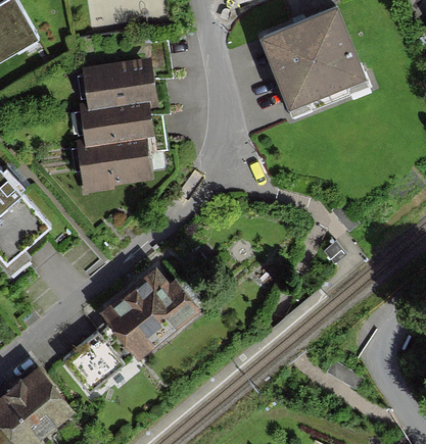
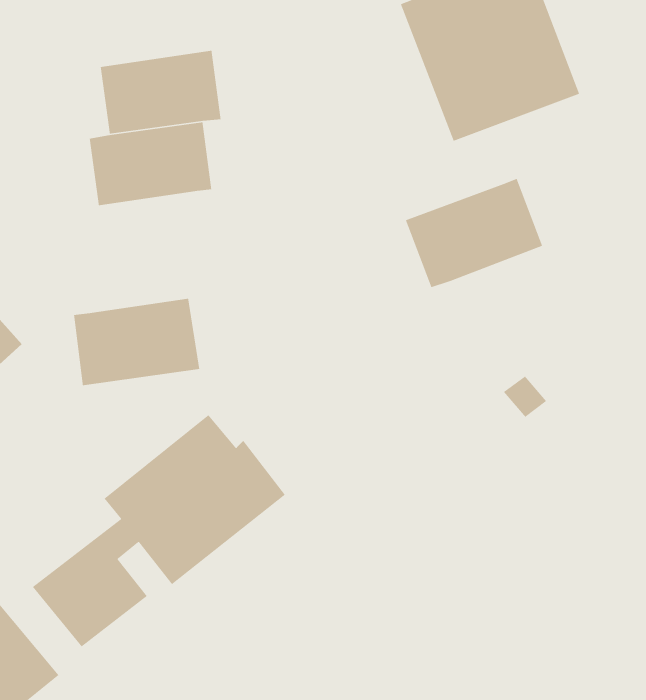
building: none -> [405,178,543,288]
building: [84,141,154,190] -> [73,298,200,386]

